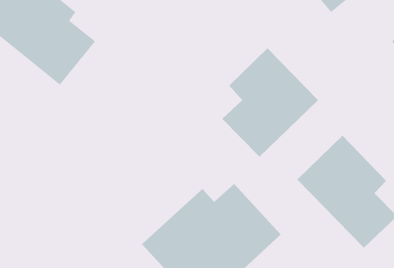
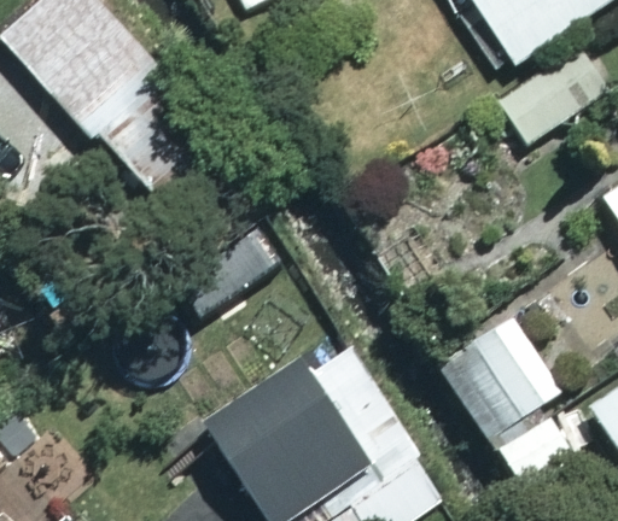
building: [222,47,319,157] -> none

